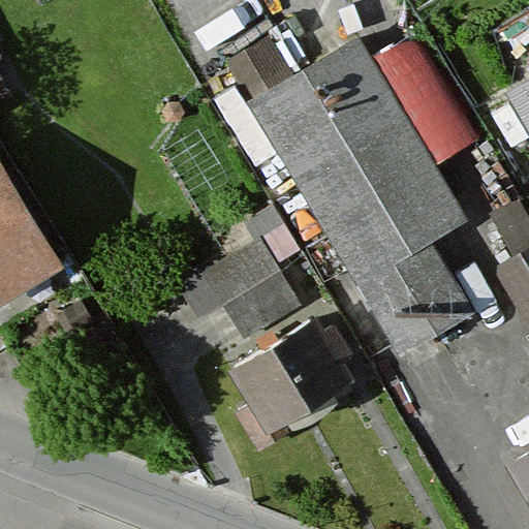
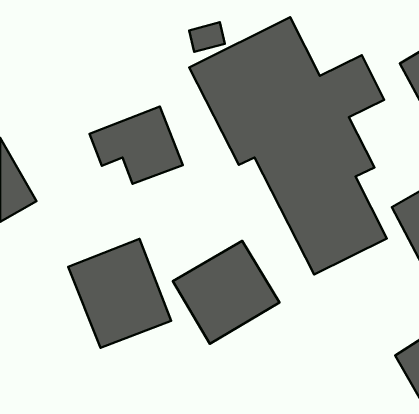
building: [185,238,302,335] -> [89,106,183,184]
building: none -> [68,239,171,348]

